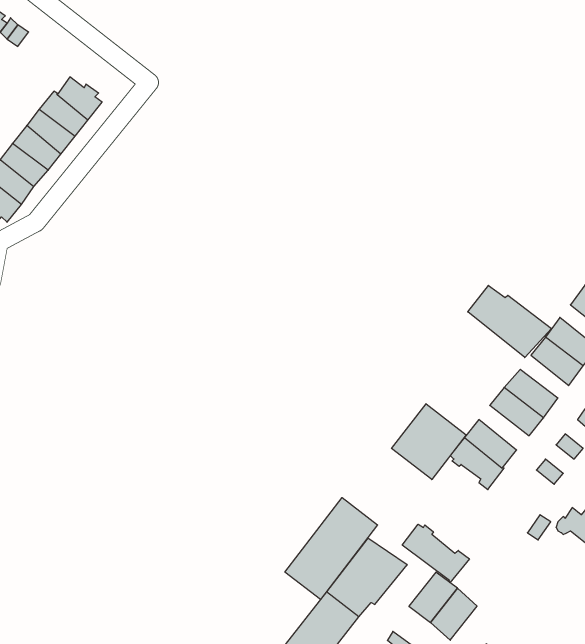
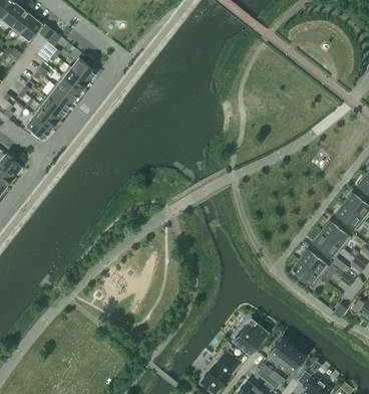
building: [468,285,552,358] -> none
building: [392,404,466,480] -> none
building: [285,498,378,599] -> none
building: [402,524,469,583] -> none

